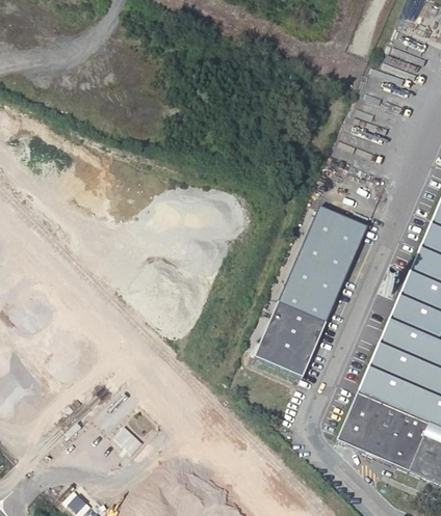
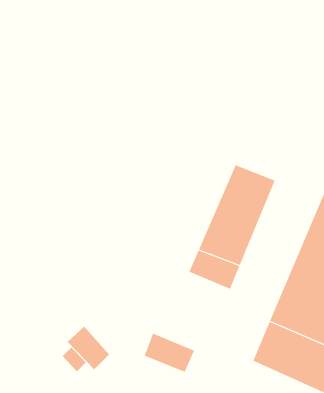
building: [253,333,313,380] -> [144,333,195,372]
building: none -> [67,326,110,370]

